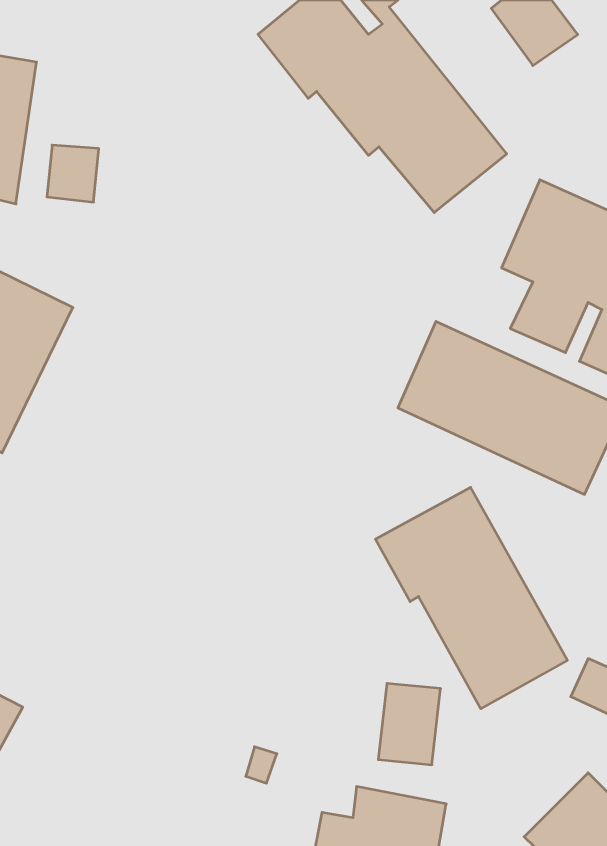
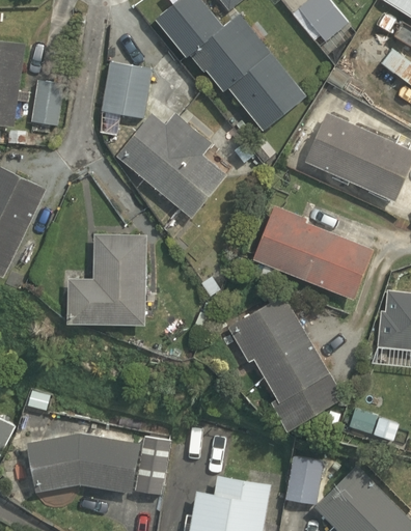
building: none -> [99,60,150,136]
building: none -> [118,110,226,217]
building: none -> [65,233,145,326]
building: [378,683,441,765] -> [282,457,320,506]
building: none -> [26,434,139,495]

